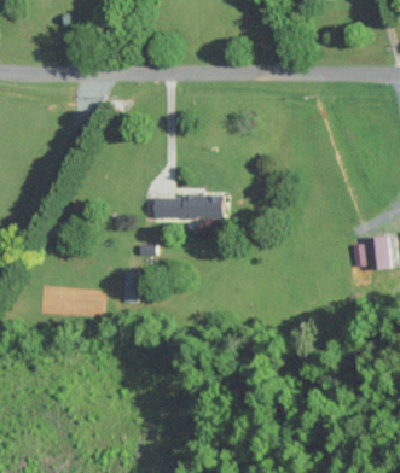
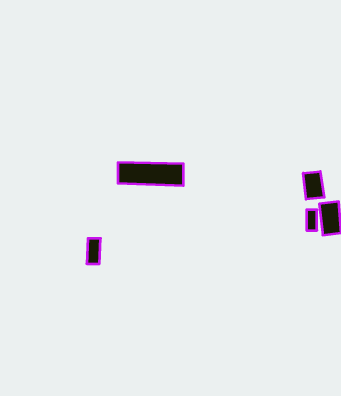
building: none -> [303,171,324,199]

